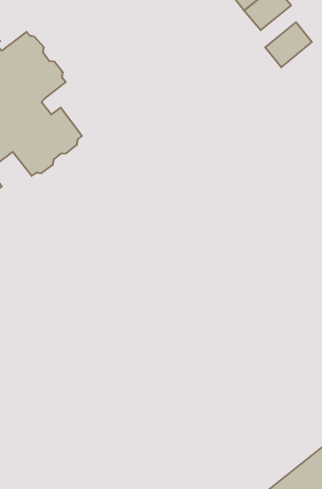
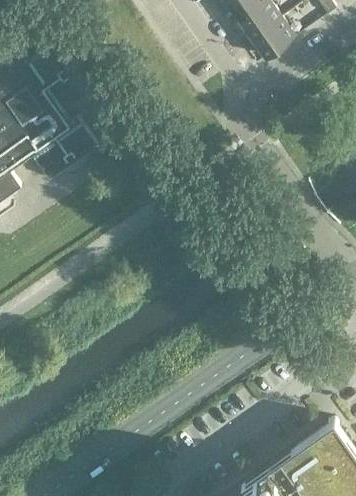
building: [265,22,312,67] -> none

